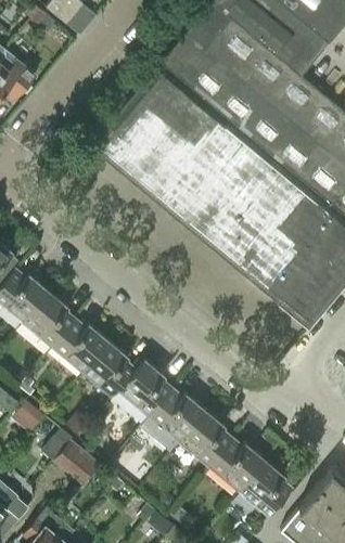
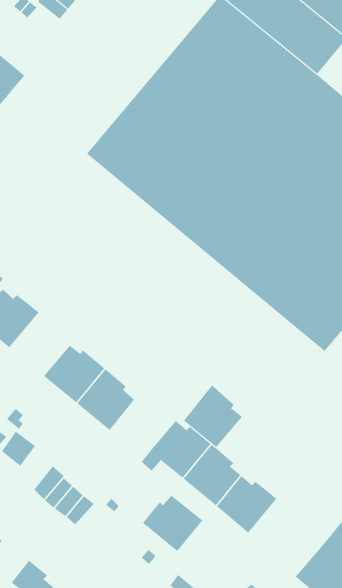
building: [22,290,76,348] -> none
building: [118,359,172,416] -> [183,385,243,448]
building: none -> [142,495,203,552]
building: [239,460,293,517] -> none

